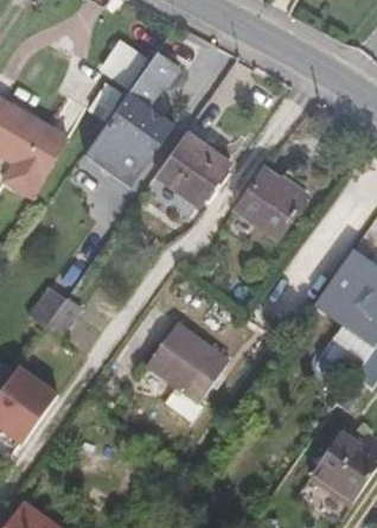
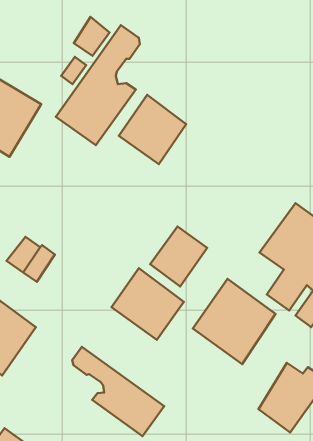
building: [235,165,308,237] -> none
building: none -> [150,226,207,287]
building: none -> [193,279,275,364]
building: none -> [72,347,164,436]

